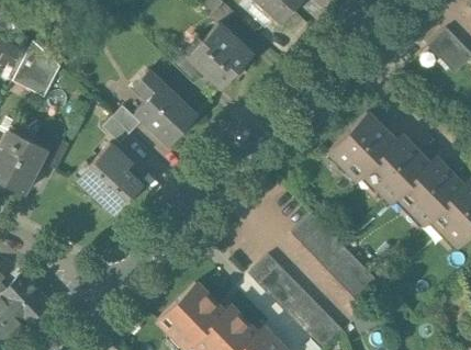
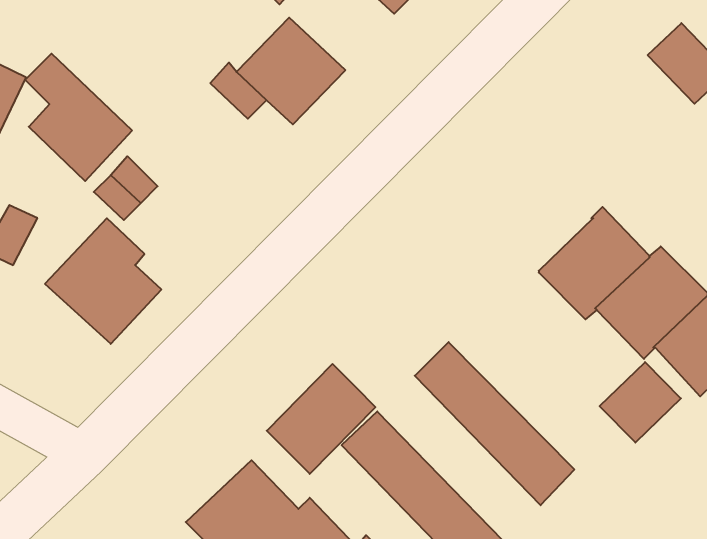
building: [133,69,195,144] -> [25,54,132,181]
building: [329,113,395,179] -> none
building: none -> [600,362,681,443]
building: none -> [267,364,375,474]

